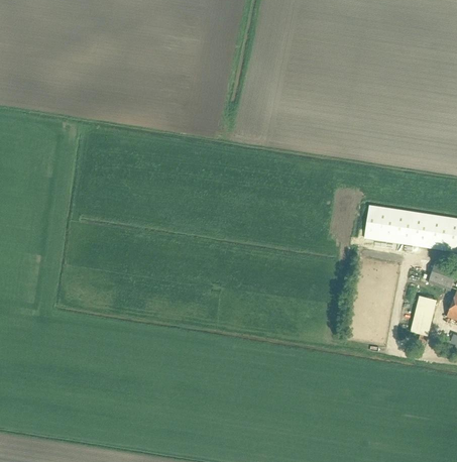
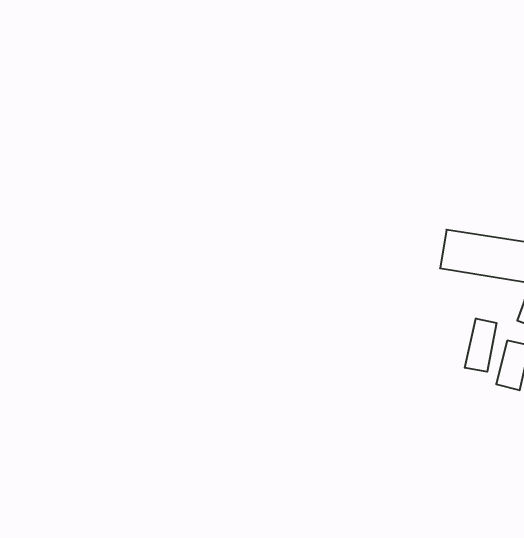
building: none -> [465,318,497,372]

